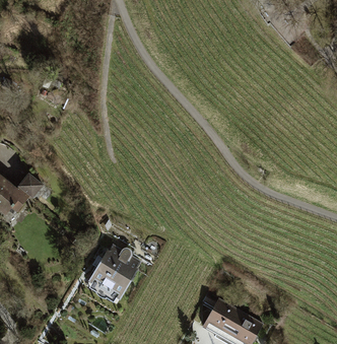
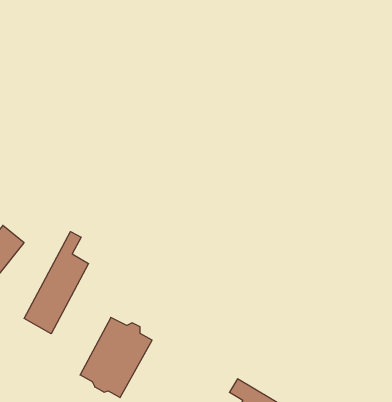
building: none -> [24,232,89,334]

